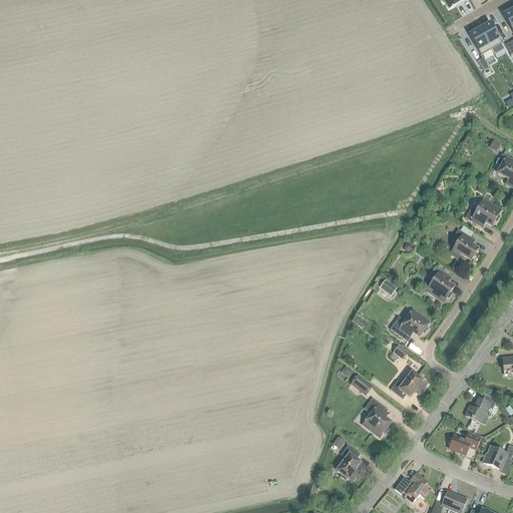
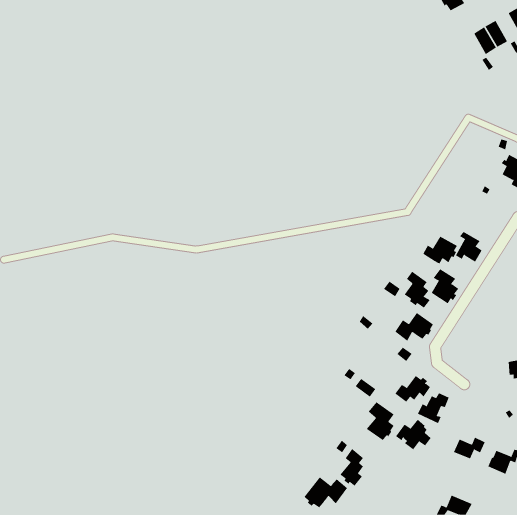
building: [466,198,501,226] -> [422,236,458,264]
building: none -> [404,271,431,308]
building: [465,393,497,424] -> [417,392,450,424]
building: [395,471,431,502] -> [395,419,432,450]
building: none -> [304,477,348,508]

